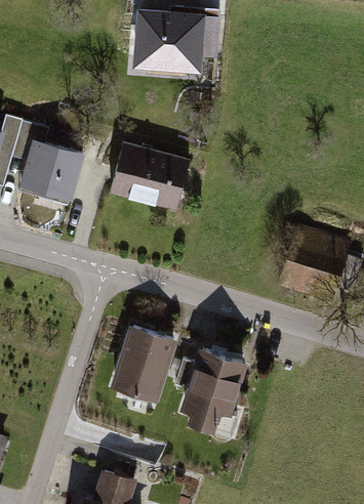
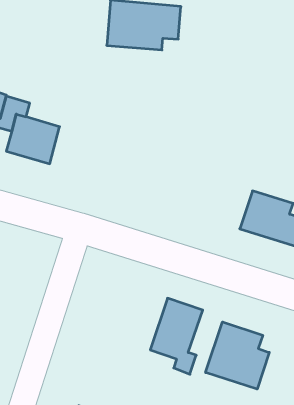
building: [114,148,186,208] -> none
building: [115,327,172,398] -> none
building: none -> [206,322,269,389]

